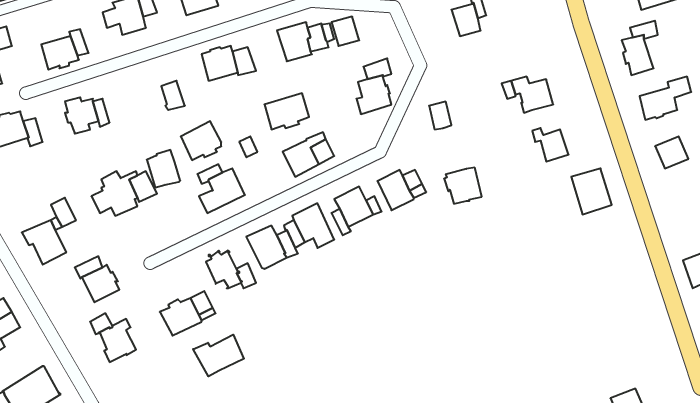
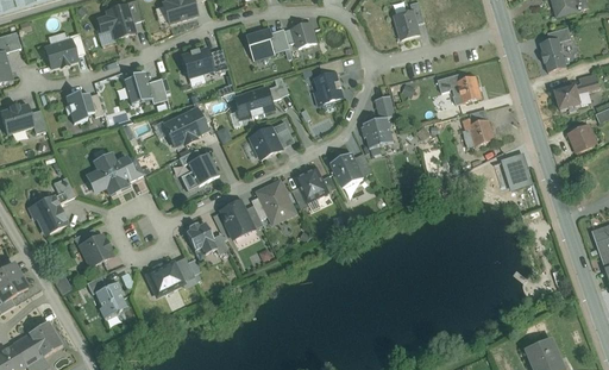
building: [147,150,180,188] -> [123,71,151,104]
building: [444,168,482,204] -> [360,118,393,149]
building: [193,335,244,376] -> none

